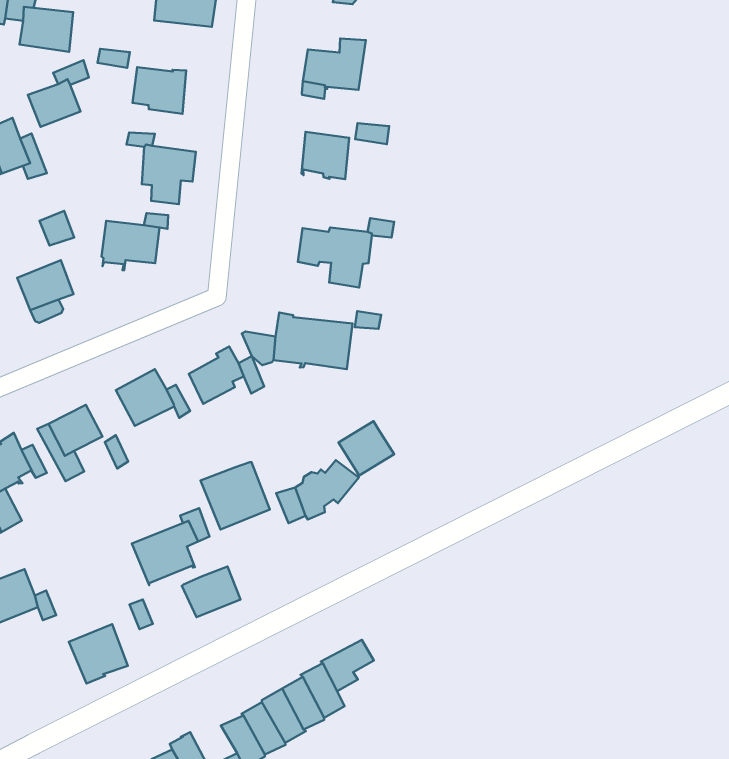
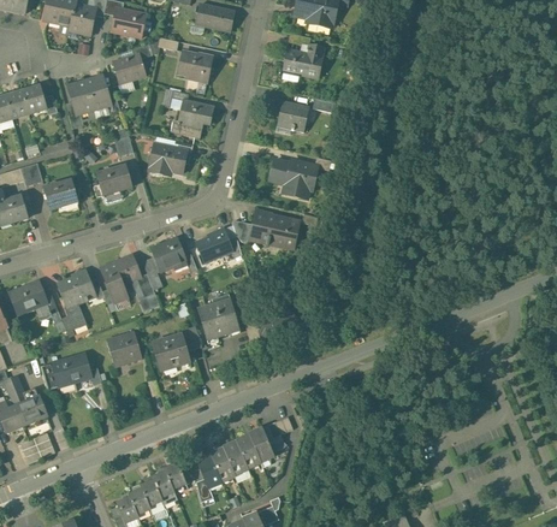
building: [339,421,394,476] -> none
building: [182,567,240,617] -> none
building: [69,624,128,683] -> [106,331,141,366]

